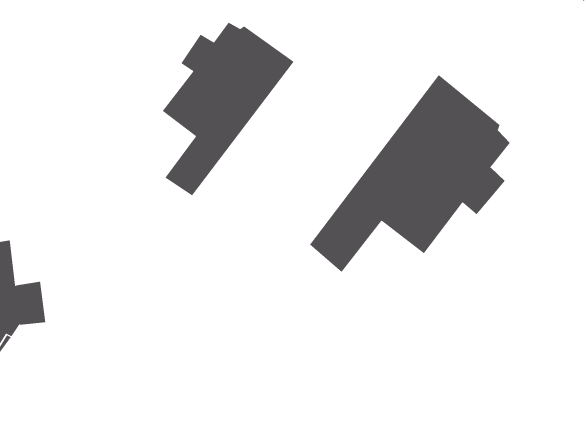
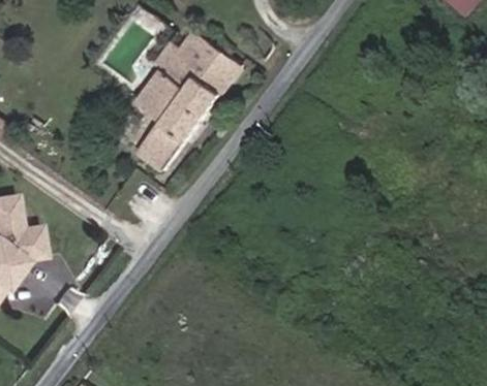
building: [309,74,511,273] -> none

